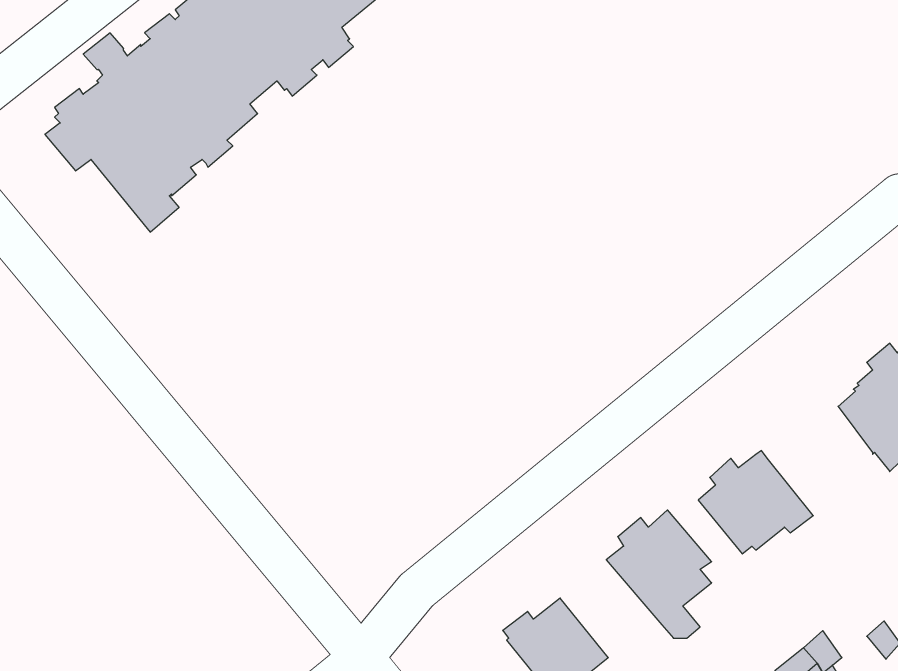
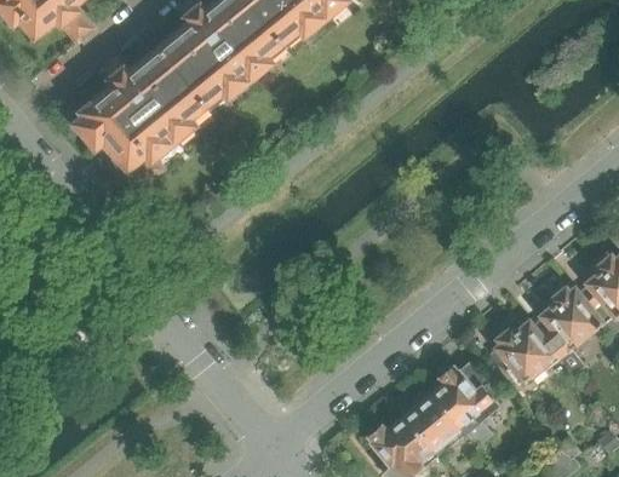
building: none -> [532,288,598,377]
building: none -> [401,392,465,454]

